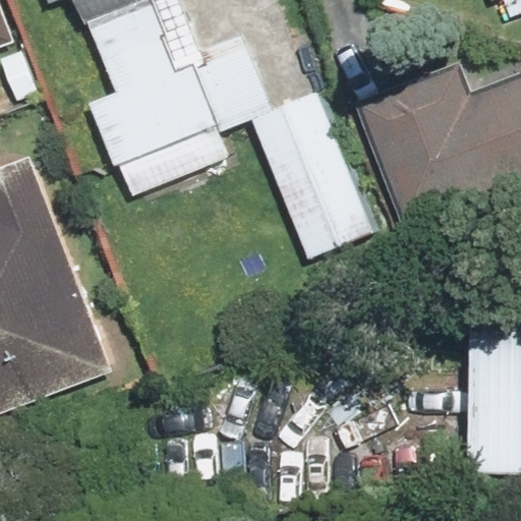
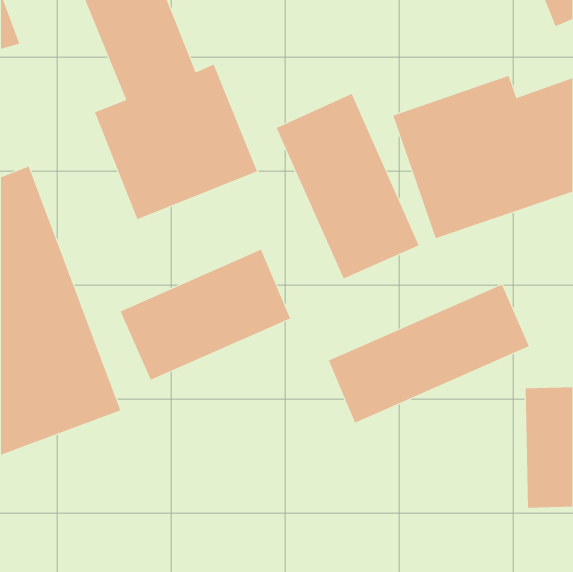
building: none -> [120,249,291,380]
building: none -> [328,284,530,424]

